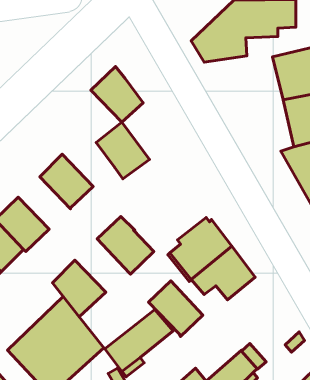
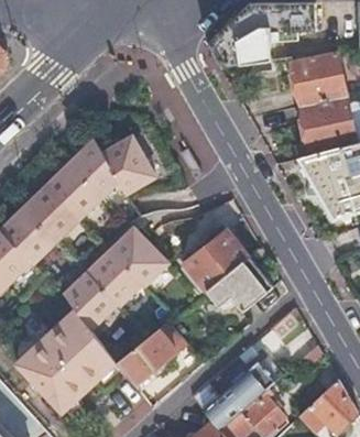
building: [91,67,143,122] -> [72,138,126,195]
building: none -> [26,185,80,239]
building: [149,281,203,336] -> [85,249,141,306]

